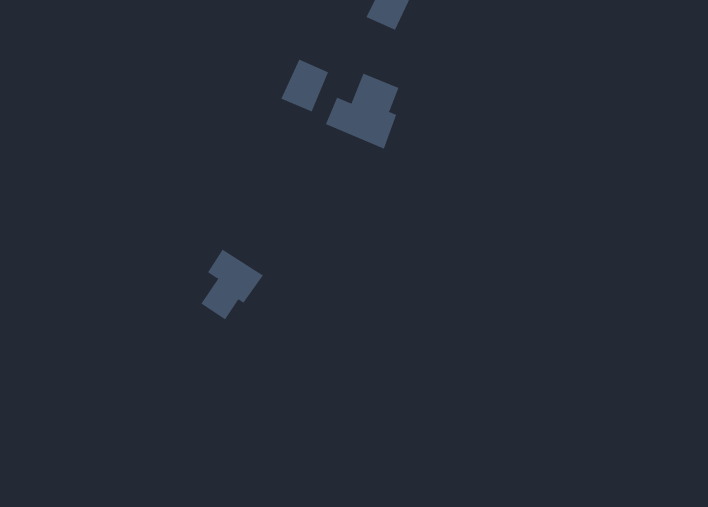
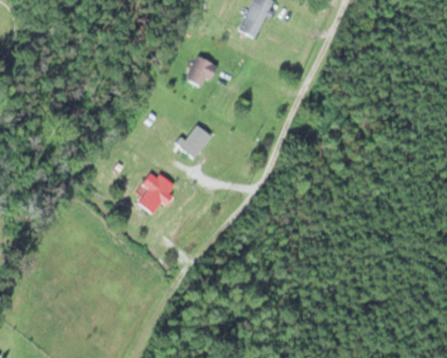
building: [325,73,399,149] -> none
building: none -> [179,124,211,158]

